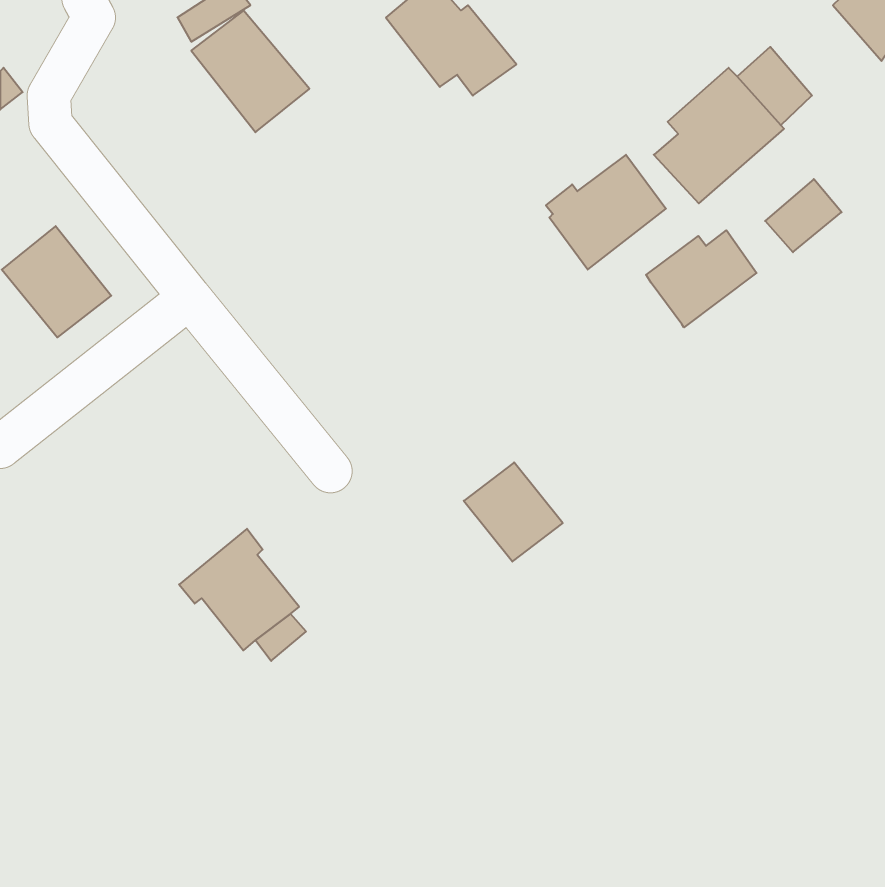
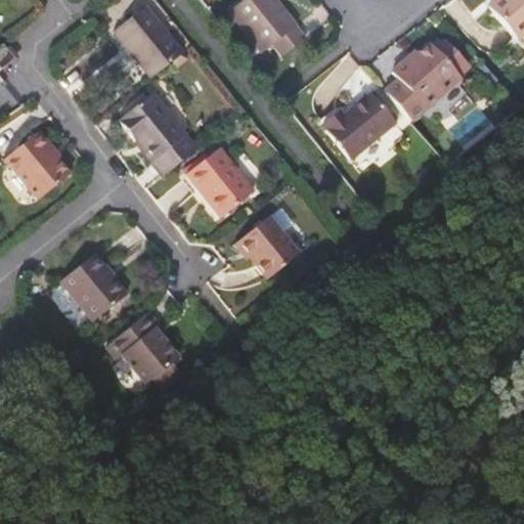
building: none -> [122,93,199,174]
building: [646,230,757,327] -> none
building: none -> [190,148,254,214]
building: none -> [61,255,124,319]
building: [464,462,563,562] -> [241,217,299,275]

